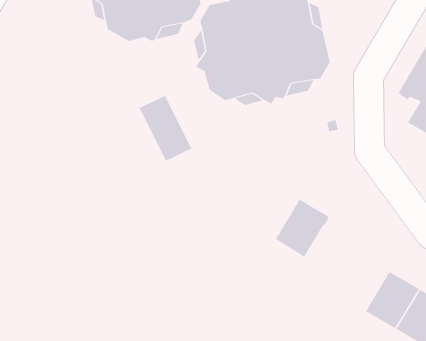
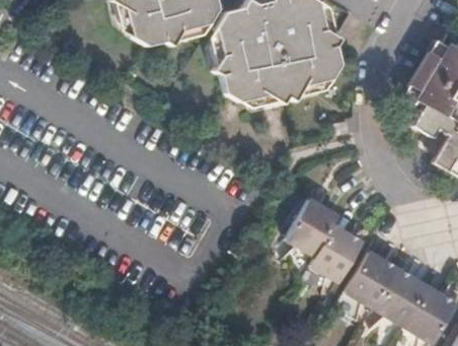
building: [139,95,192,161] -> none
building: none -> [311,222,365,279]
building: none -> [348,250,398,305]

